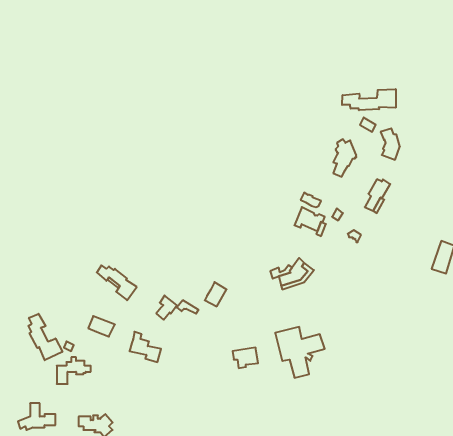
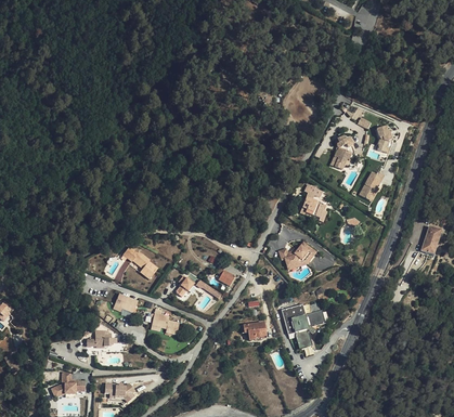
building: [342,89,396,110] -> none
building: [28,314,62,360] -> none

